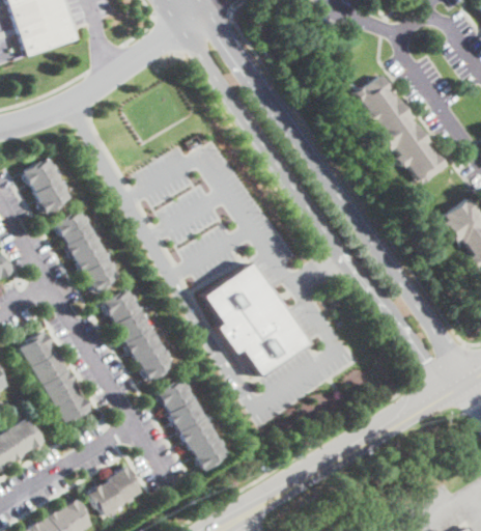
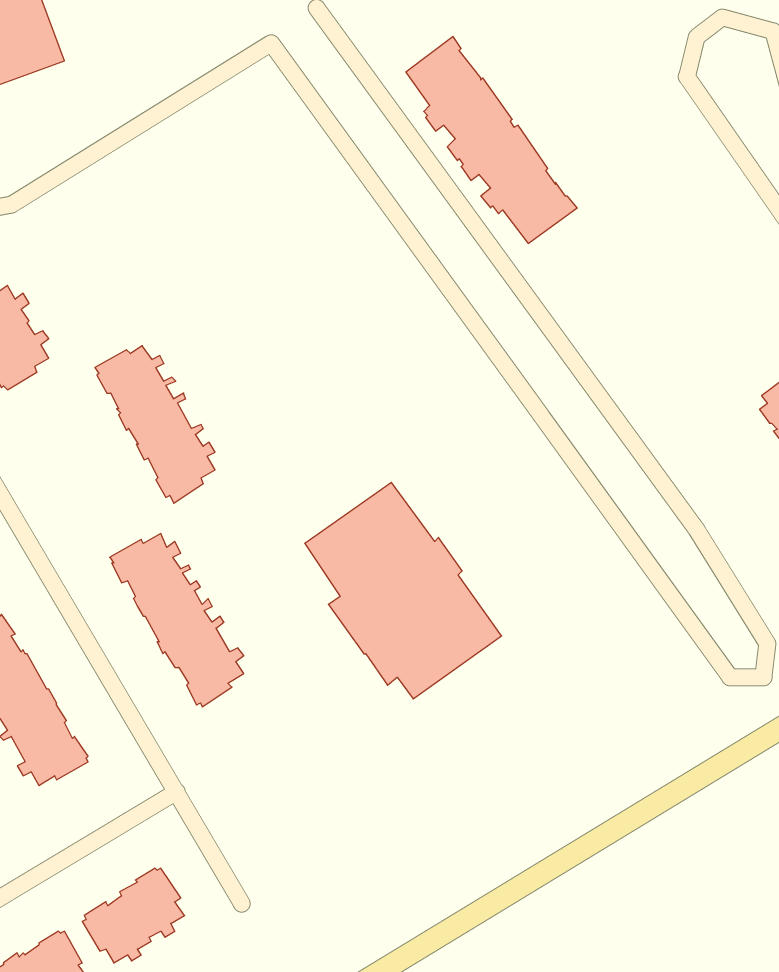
building: [357,76,447,185] -> [406,37,577,243]
building: [55,211,118,294] -> [95,346,215,503]
building: [157,379,227,471] -> none

